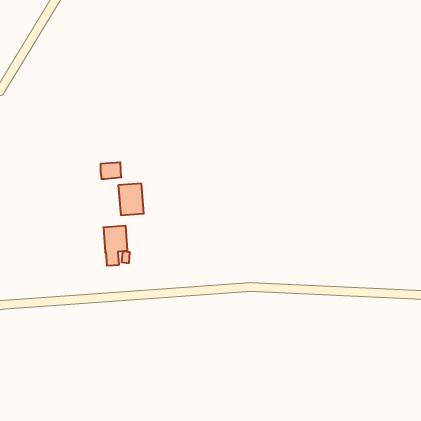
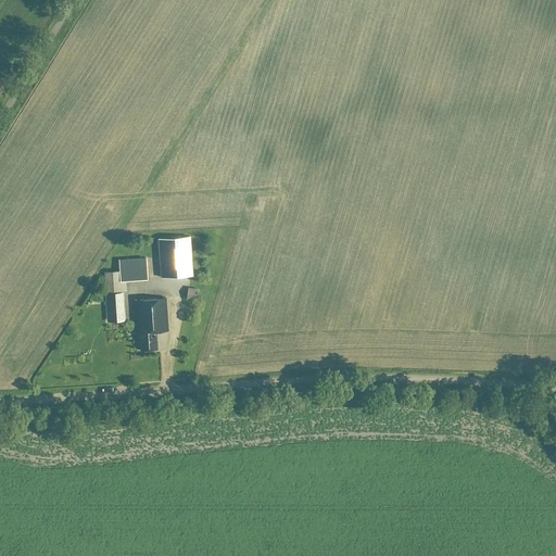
building: [101,162,121,179] -> [122,257,149,279]
building: none -> [108,292,125,320]

